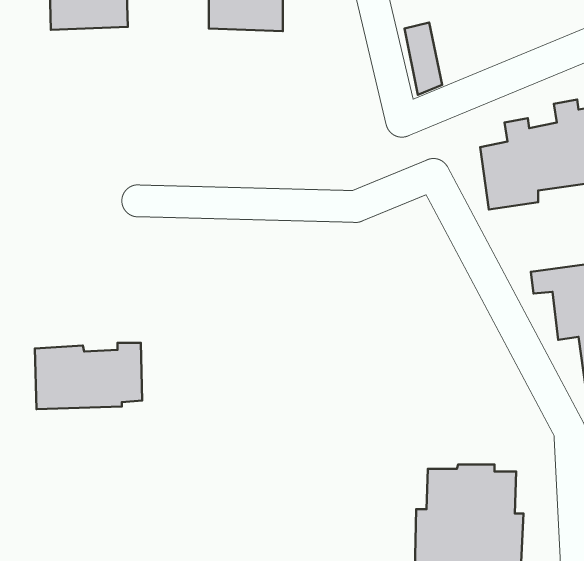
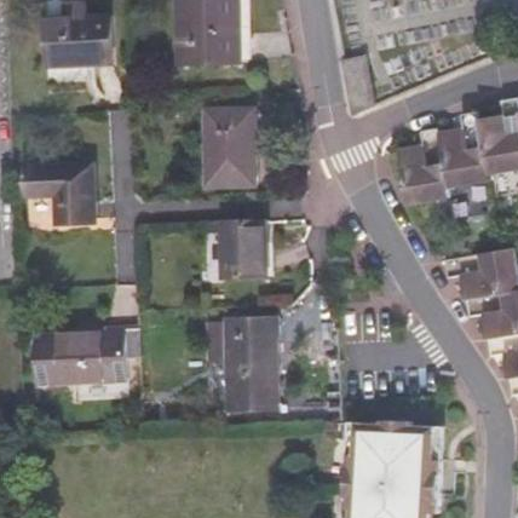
building: none -> [201,105,252,184]
building: none -> [23,162,94,223]
building: none -> [219,219,265,275]
building: none -> [218,320,271,411]

